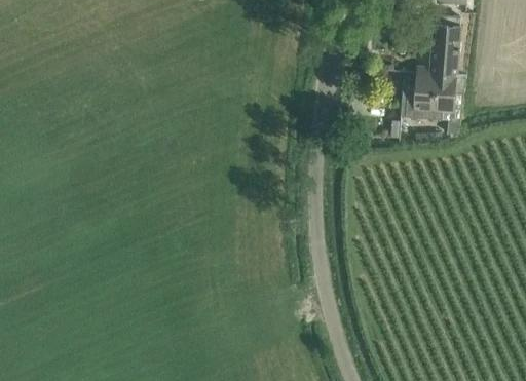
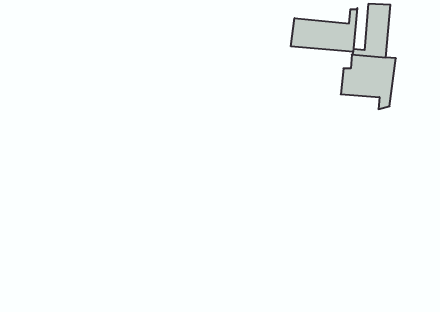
building: none -> [291,8,357,52]

